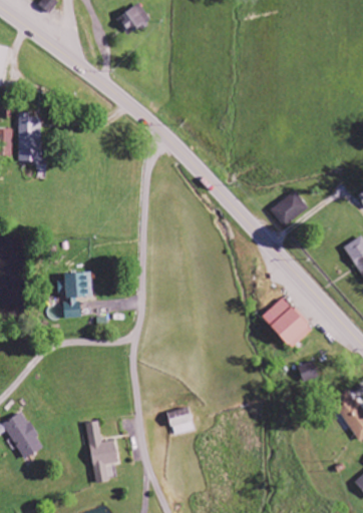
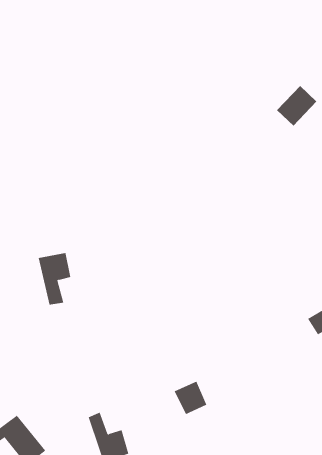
building: [270,189,308,225] -> [276,85,317,126]
building: [262,297,312,348] -> none

